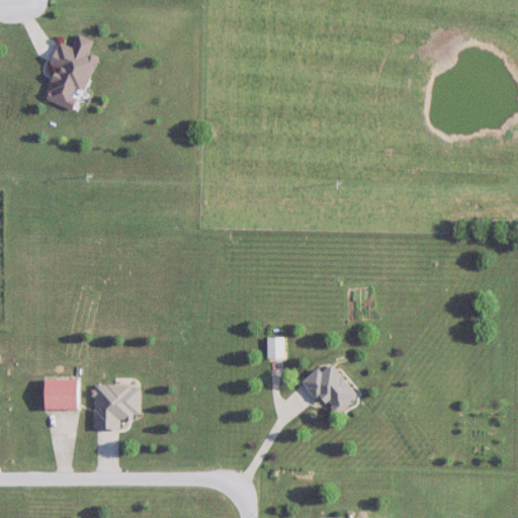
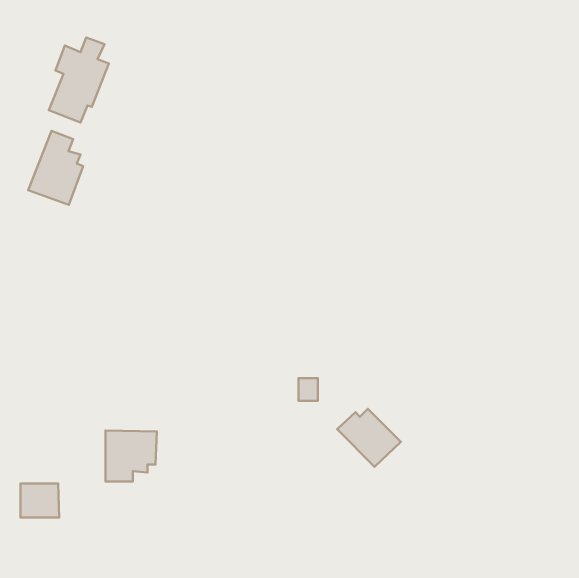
building: none -> [28,131,83,205]
building: [42,378,77,409] -> [21,484,59,518]

